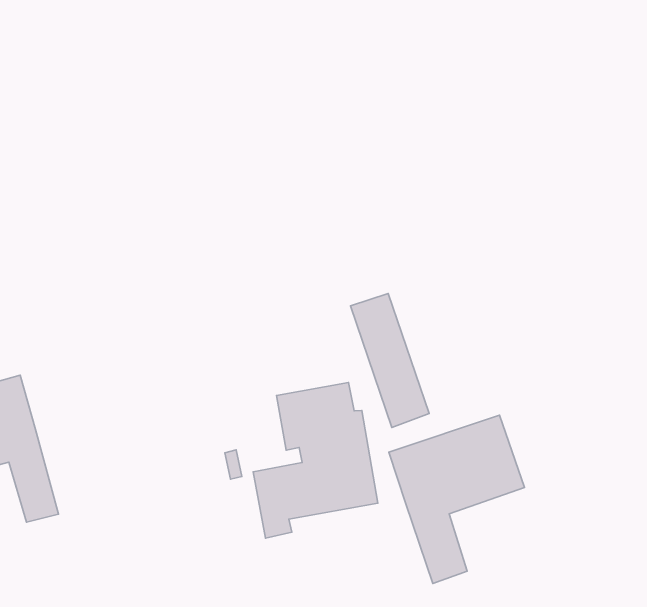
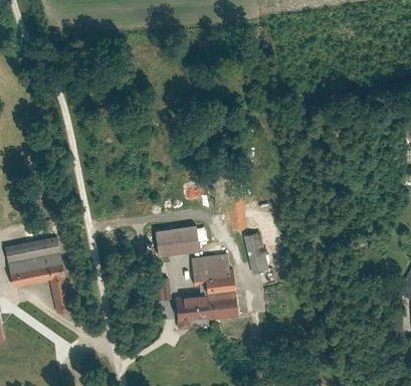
building: none -> [157,222,202,256]
building: [389,415,525,584] -> none

